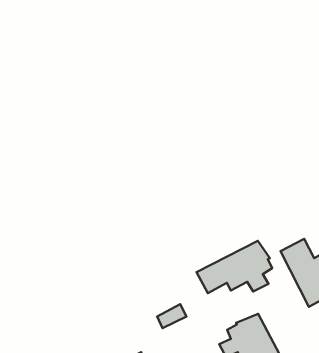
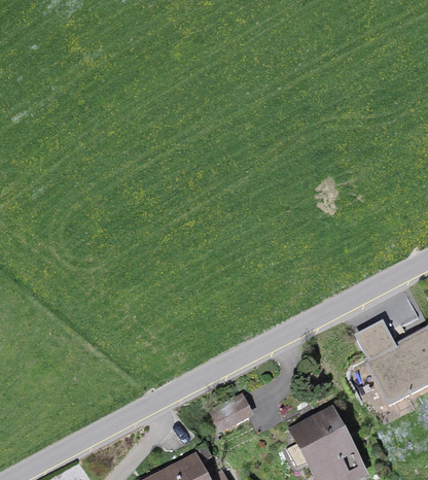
building: [197,241,272,293] -> none

